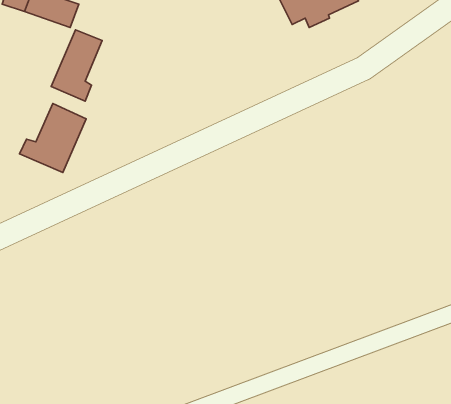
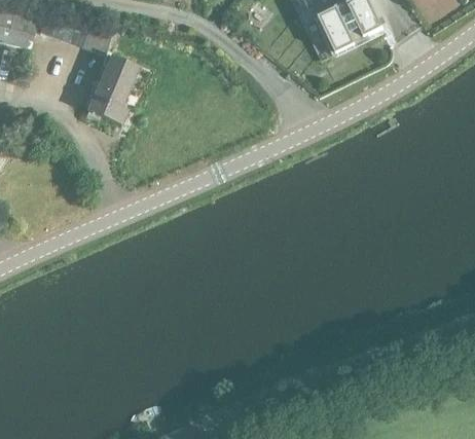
building: [19,104,86,173] -> none

